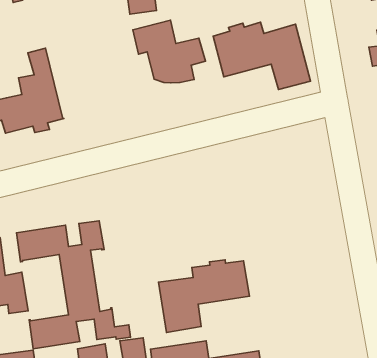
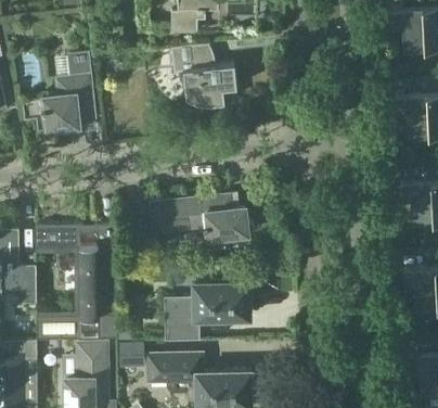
building: [213,22,311,89] -> none
building: none -> [152,196,254,240]

